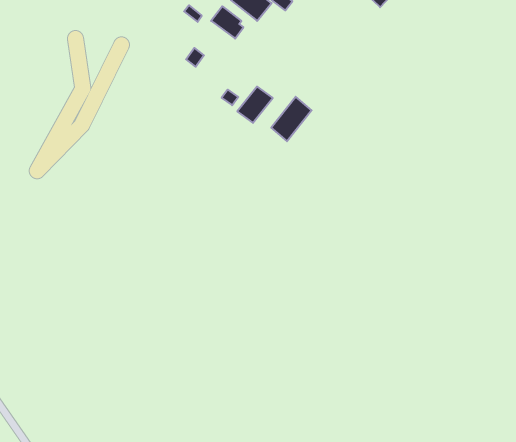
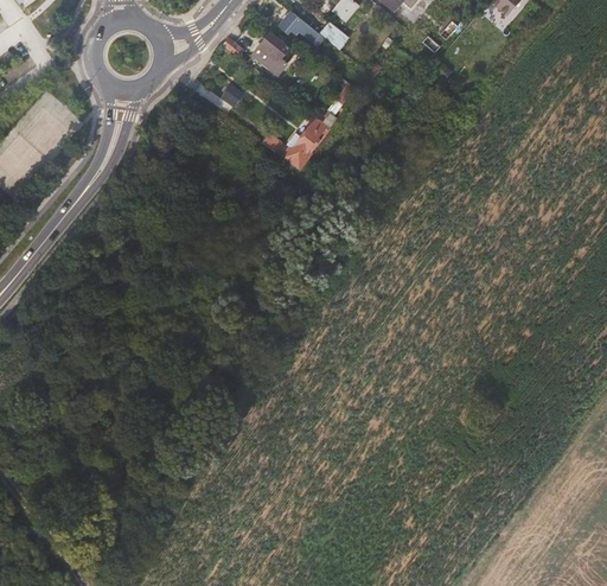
building: [271,97,312,141] -> none

